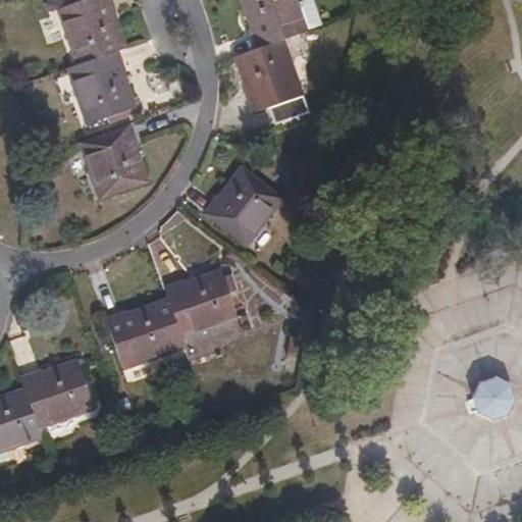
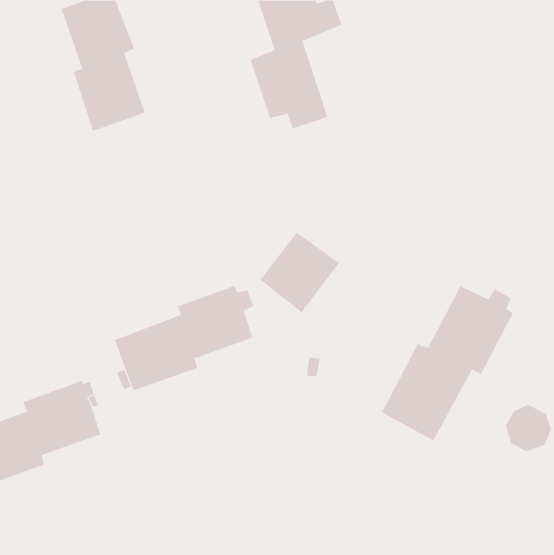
building: [81,125,147,197] -> none
building: [207,167,282,244] -> [259,232,340,313]
building: none -> [382,285,514,441]

